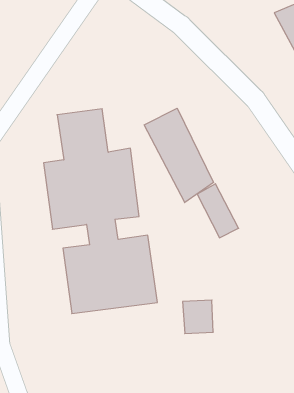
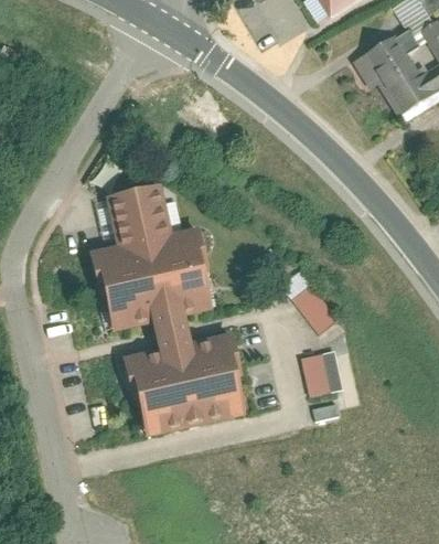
building: [144,108,213,203] -> none
building: [183,300,213,334] -> [301,346,341,390]

